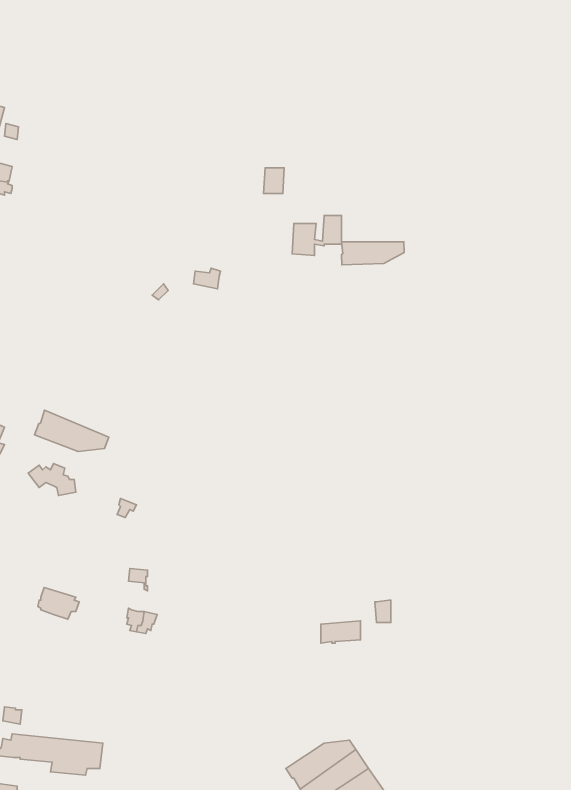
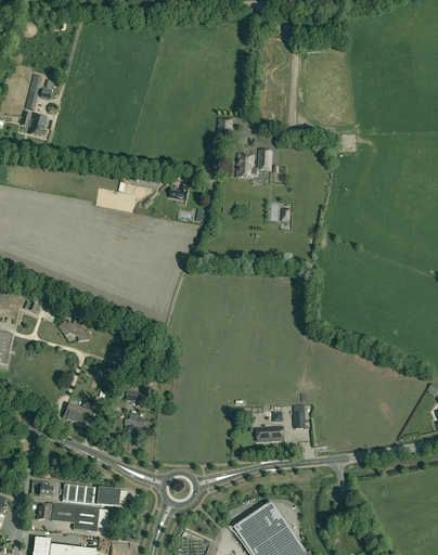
building: [342,242,404,265] -> none
building: [35,410,109,451] -> none
building: none -> [62,483,127,506]

